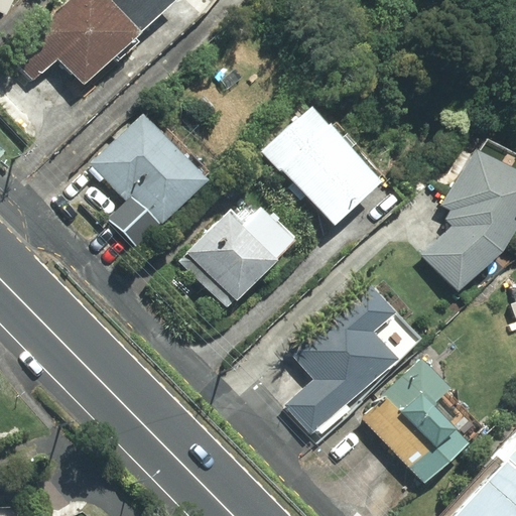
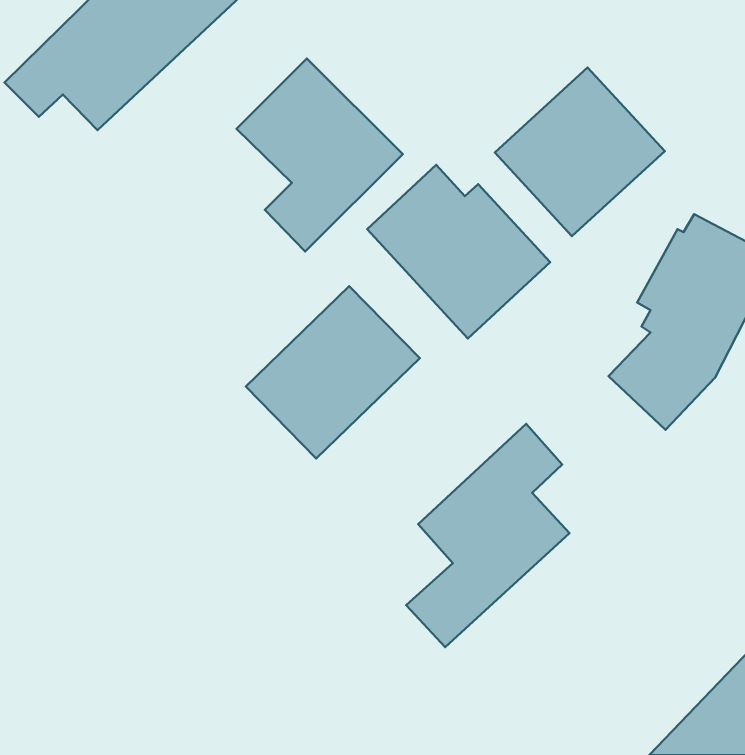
building: none -> [495,67,665,236]
building: [93,117,205,247] -> [236,58,403,252]
building: [353,359,489,486] -> none

